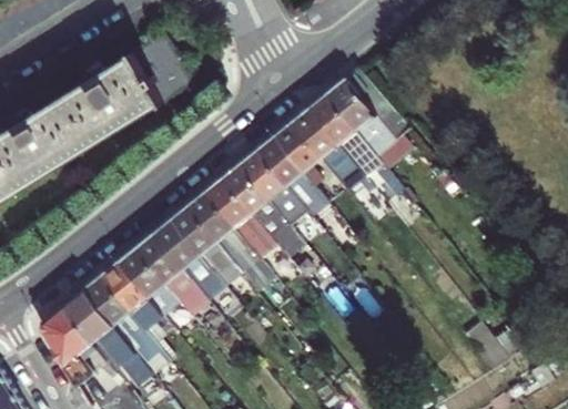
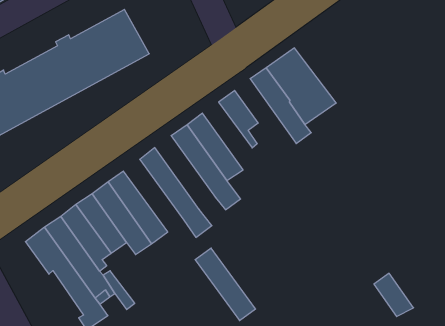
building: [293,106,372,188] -> none
building: [257,135,328,215] -> none
building: [205,176,277,258] -> none
building: [171,205,243,286] -> [195,248,256,321]
building: [42,306,100,377] -> none

